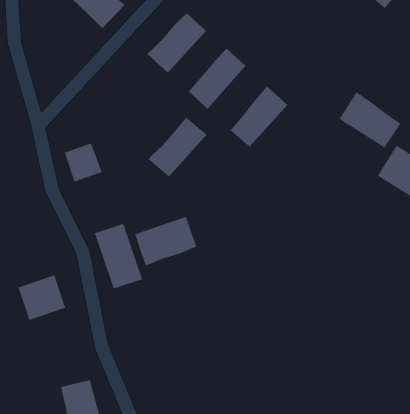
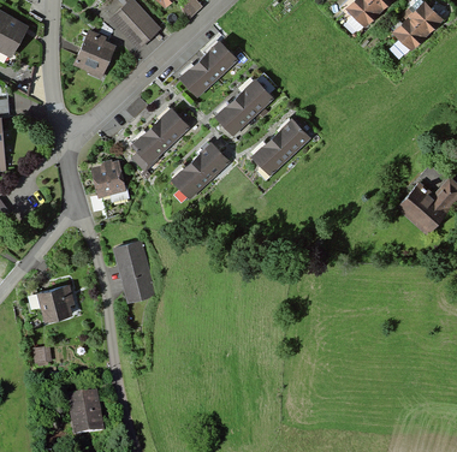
building: none -> [71,26,117,76]
building: none -> [132,108,189,163]
building: [338,91,402,148] -> none
building: [134,216,197,267] -> none

